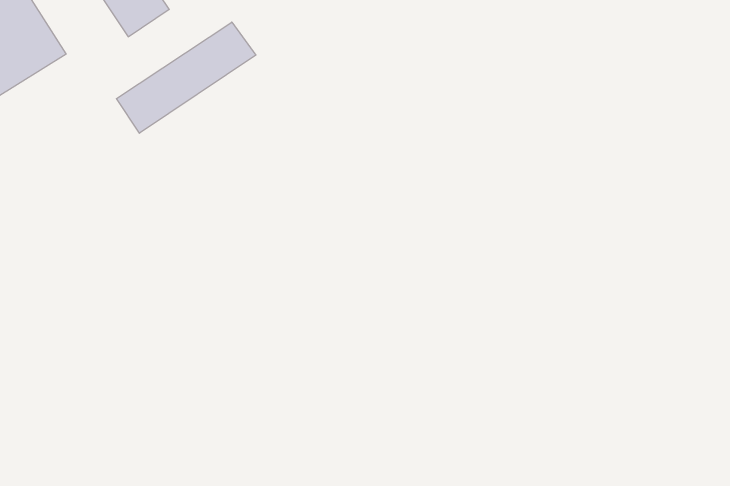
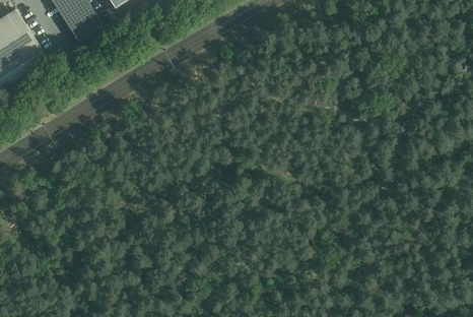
building: [116,22,256,133] -> none

